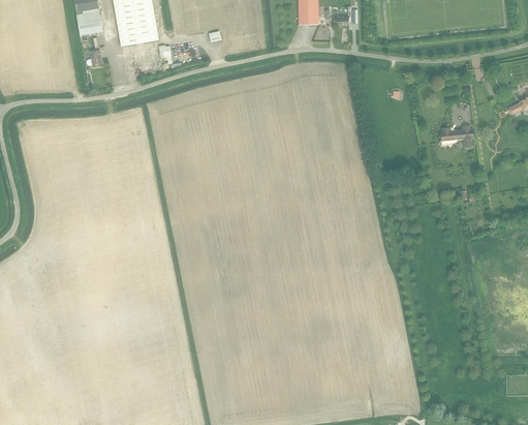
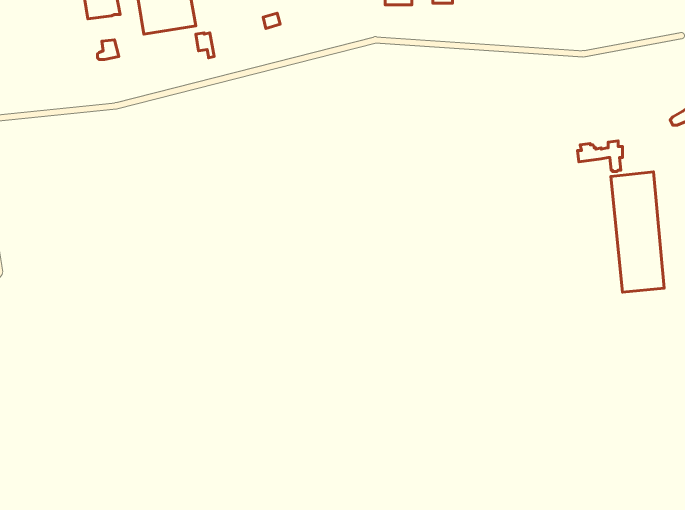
building: none -> [611,172,664,292]

